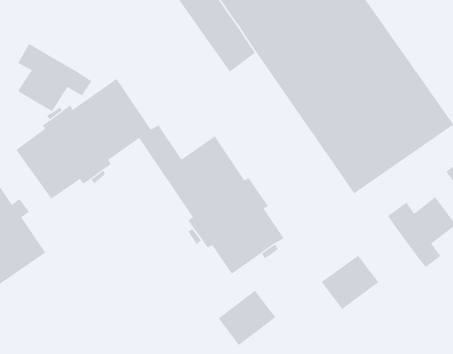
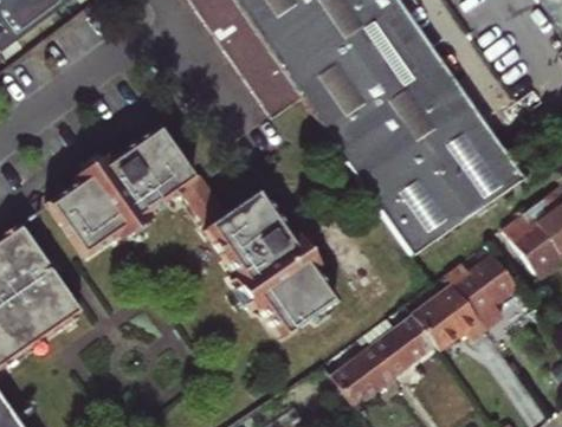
building: [17,43,92,112] -> none
building: none -> [415,284,487,347]
building: [218,290,276,346] -> [335,343,398,403]

